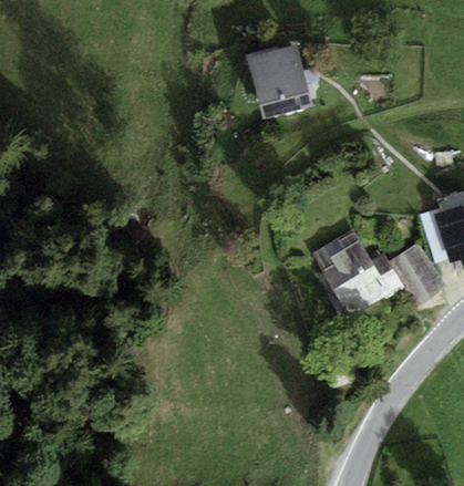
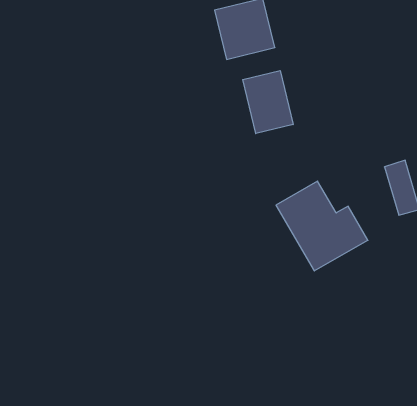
building: none -> [243,71,293,134]
building: [390,244,445,306] -> none

